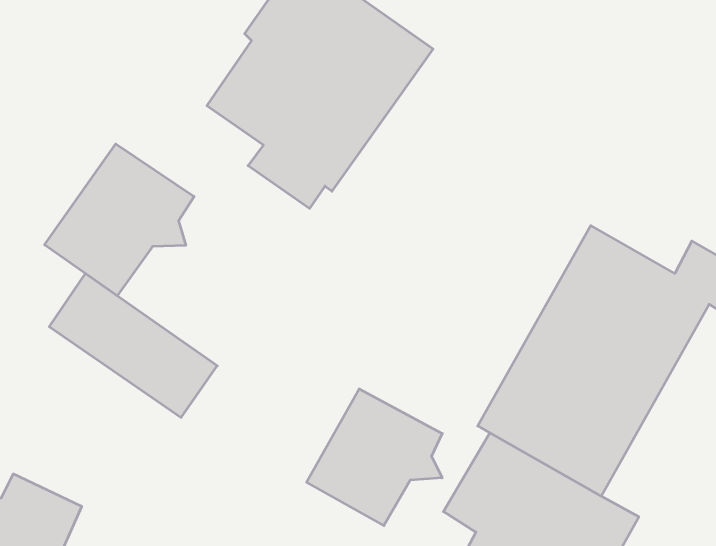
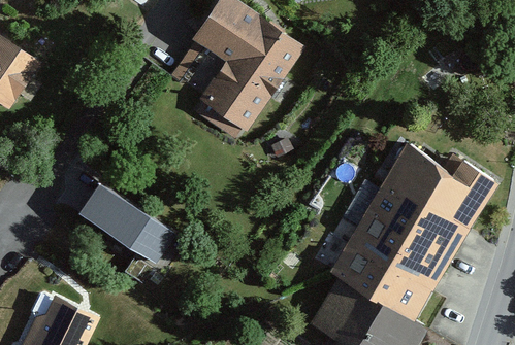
building: [45,144,194,296] -> none
building: [307,389,442,526] -> none

